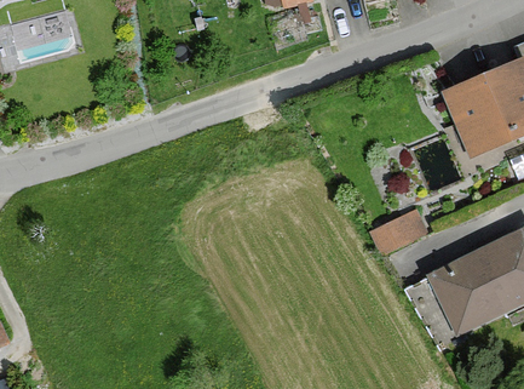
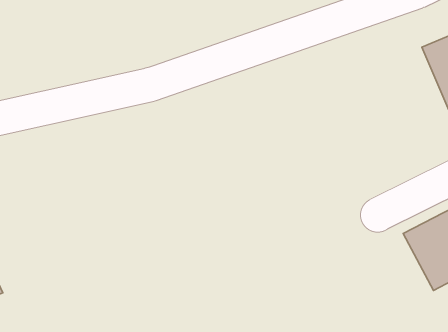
building: [367,212,421,256] -> none

